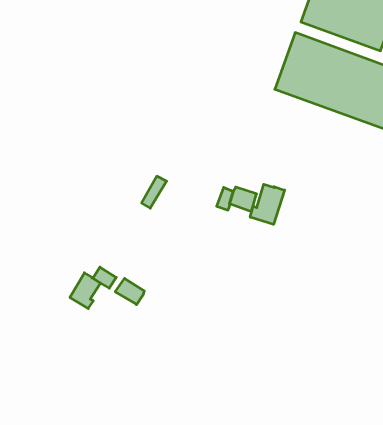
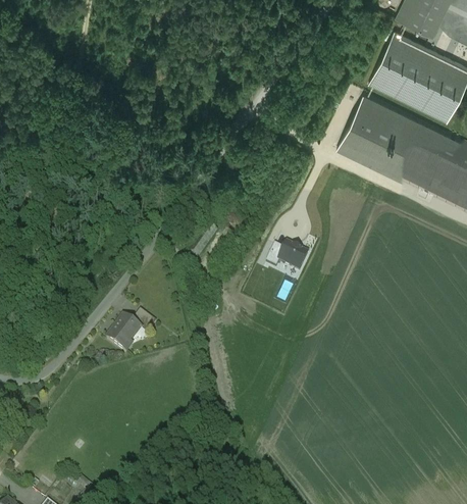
building: [250,184,285,224] -> none
building: [115,278,144,305] -> none

